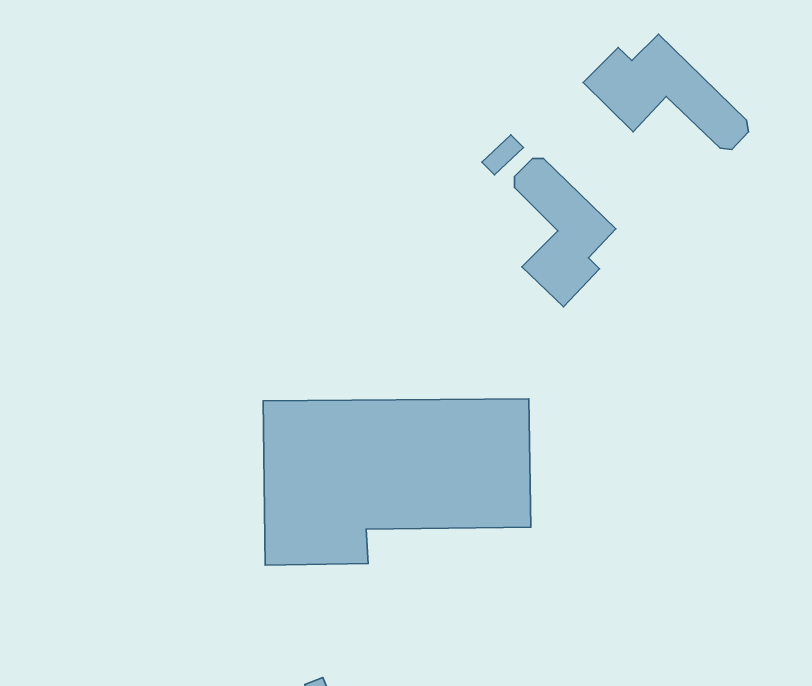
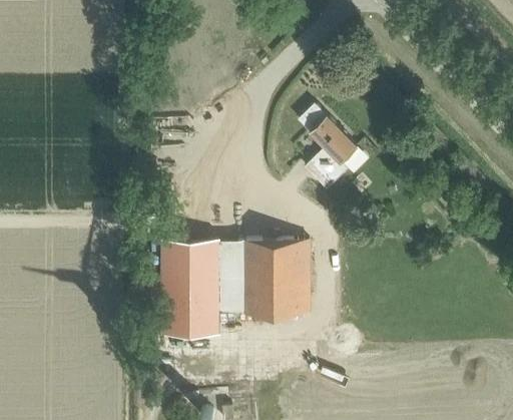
building: [583,34,748,149] -> none

